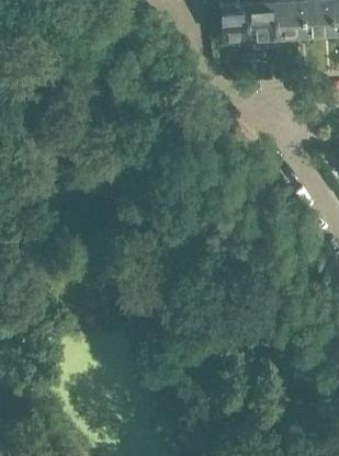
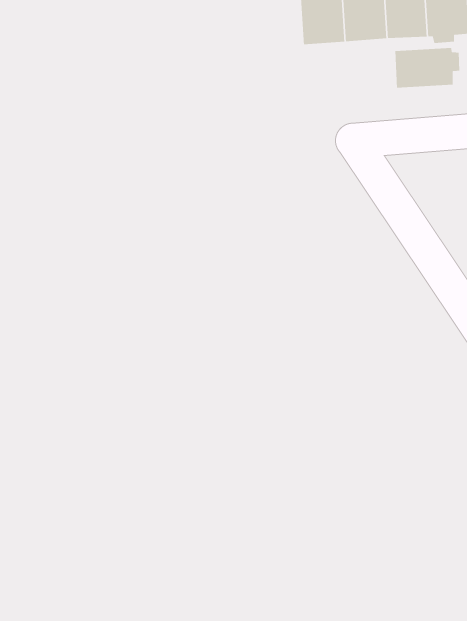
building: none -> [394,47,460,88]

